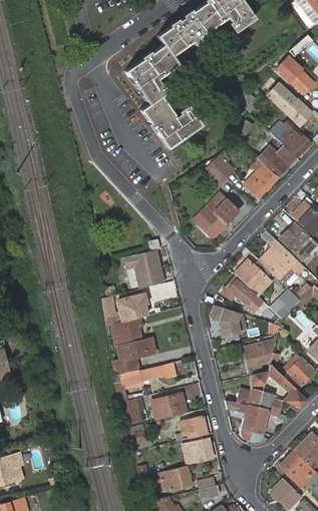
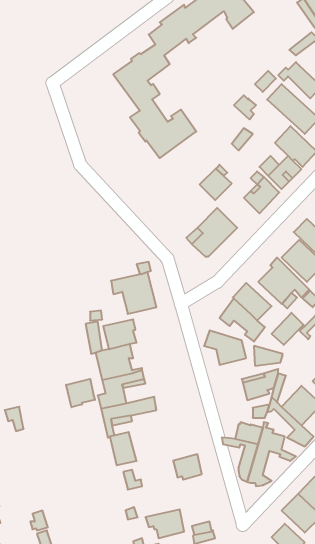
building: none -> [66,379,95,407]
building: [151,393,186,419] -> none
building: [186,439,213,464] -> none

